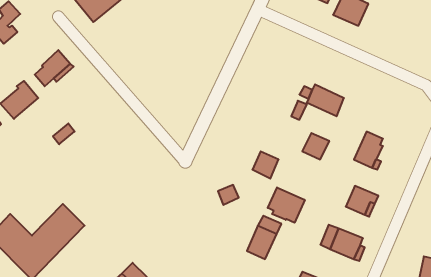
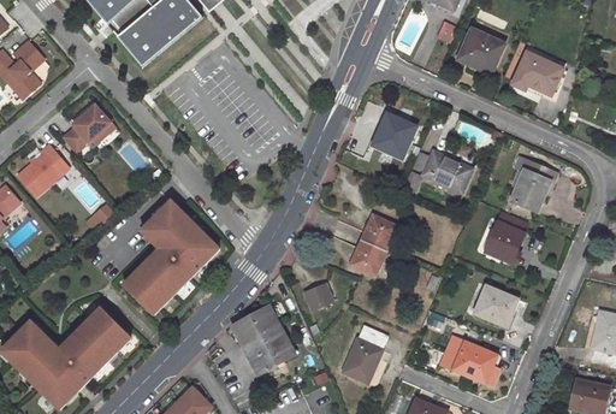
building: none -> [513,51,562,91]
building: none -> [372,112,417,158]
building: none -> [511,159,557,211]
building: none -> [122,200,215,313]
building: [302,133,329,159] -> [361,214,397,249]
building: [268,187,305,223] -> none
building: none -> [231,304,295,374]

